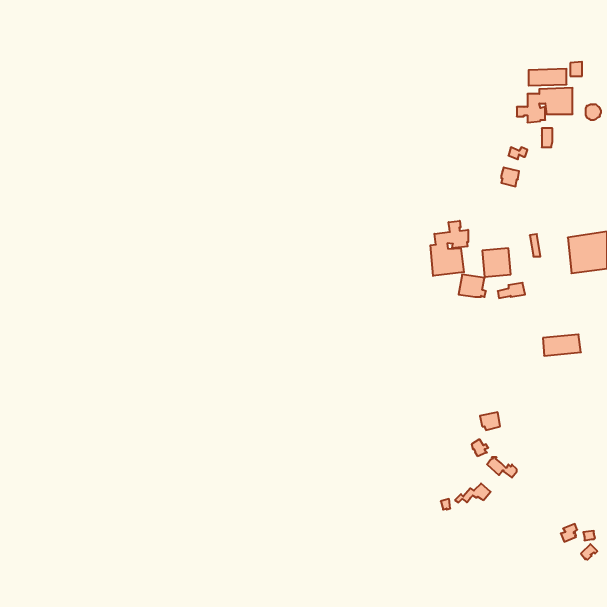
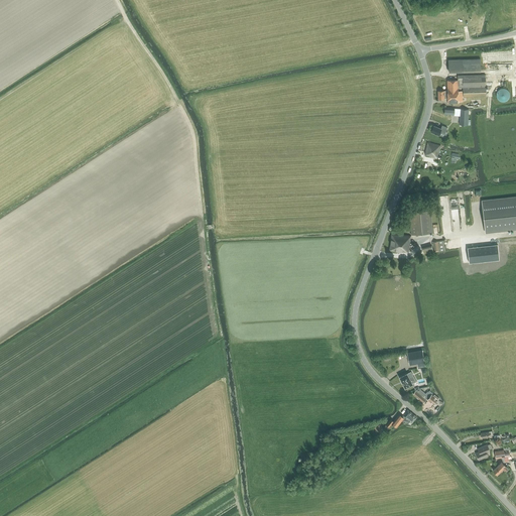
building: [430,221,468,276] -> none
building: [543,334,581,356] -> [468,244,500,262]

